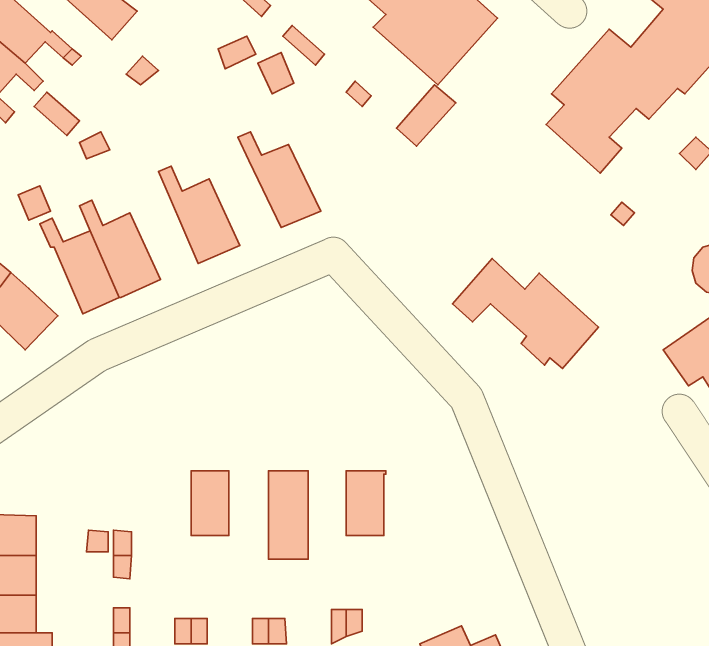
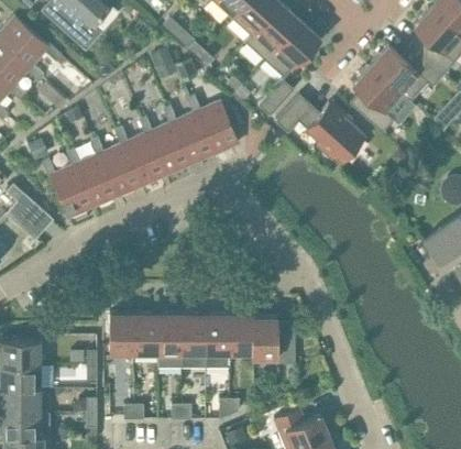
building: none -> [187,97,240,156]
building: none -> [139,118,189,177]
building: none -> [90,140,139,198]
building: [453,259,599,369] -> [277,95,366,162]
building: none -> [109,315,134,354]
building: none -> [157,315,182,369]
building: none -> [206,315,229,369]
building: none -> [252,317,295,364]

